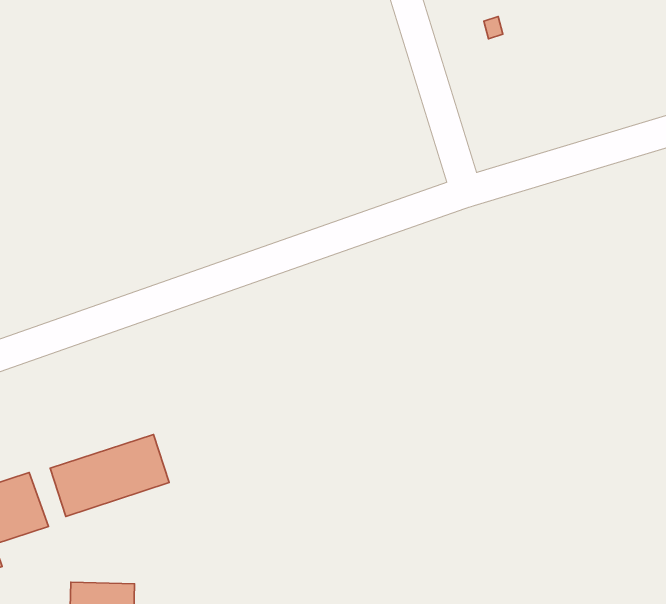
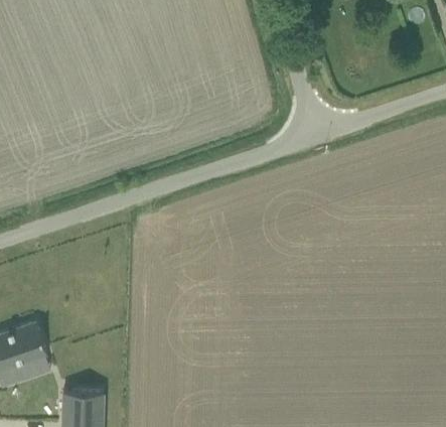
building: [50,434,169,516] -> none

